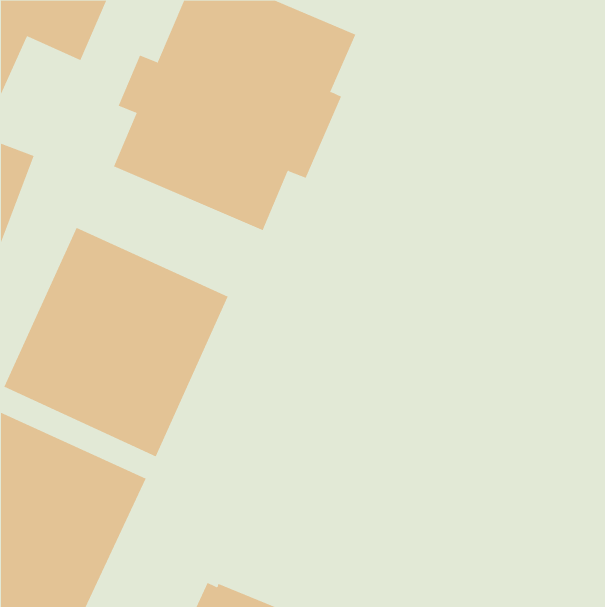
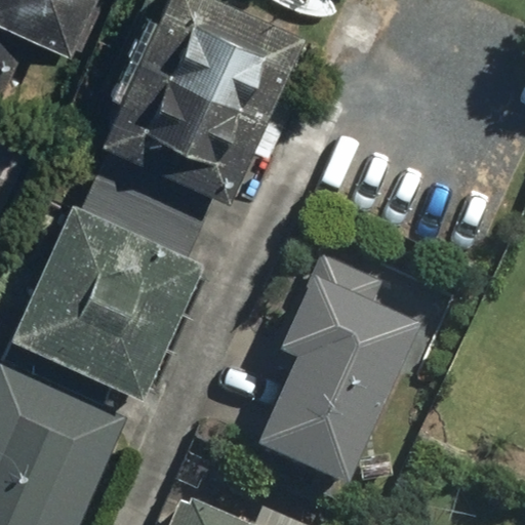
building: none -> [252,258,418,496]

